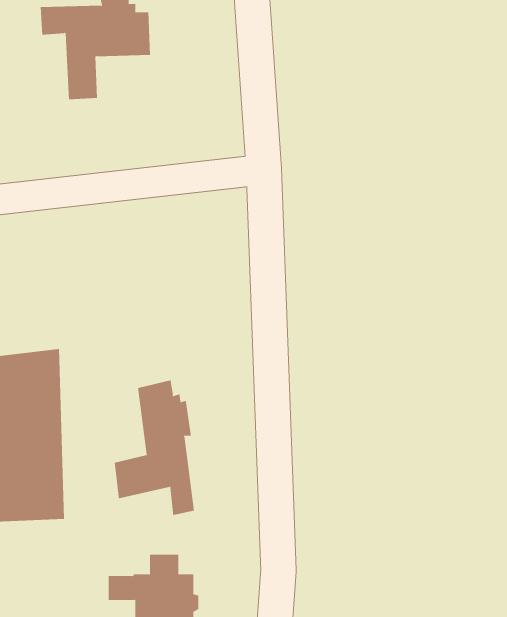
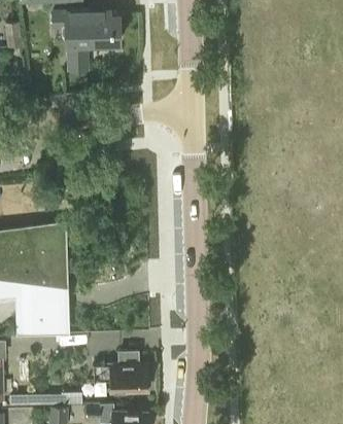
building: [114,379,195,516] -> none

